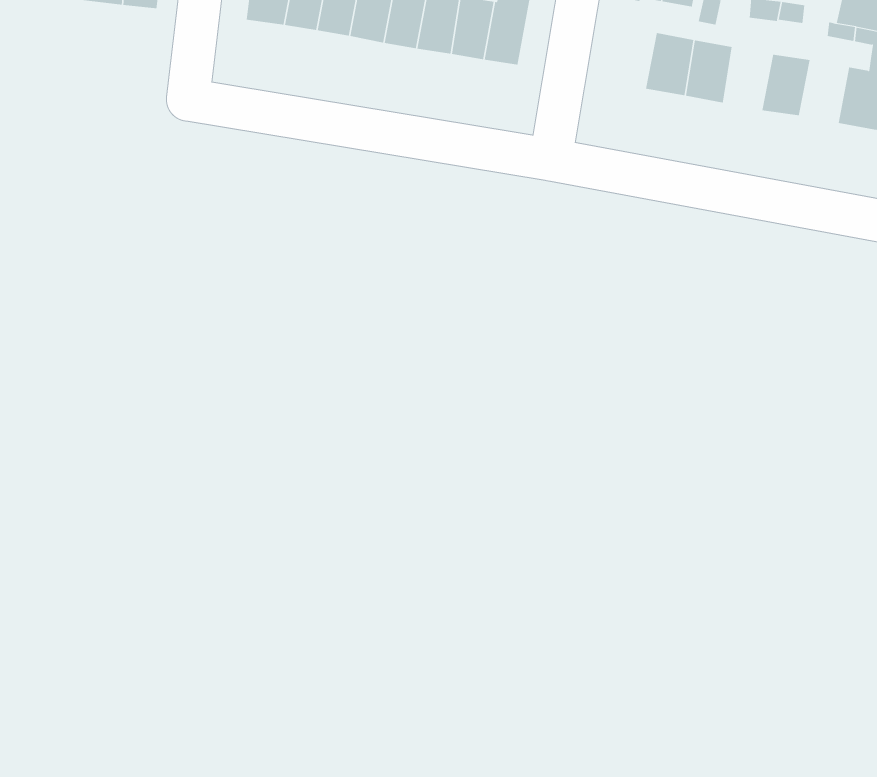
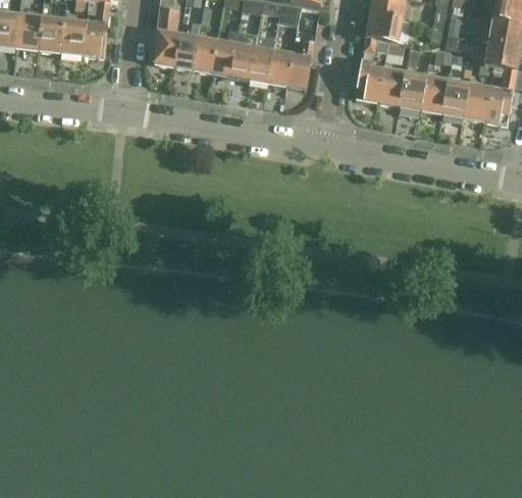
building: none -> [356,59,382,100]
building: none -> [420,77,448,112]
building: none -> [463,84,490,119]

